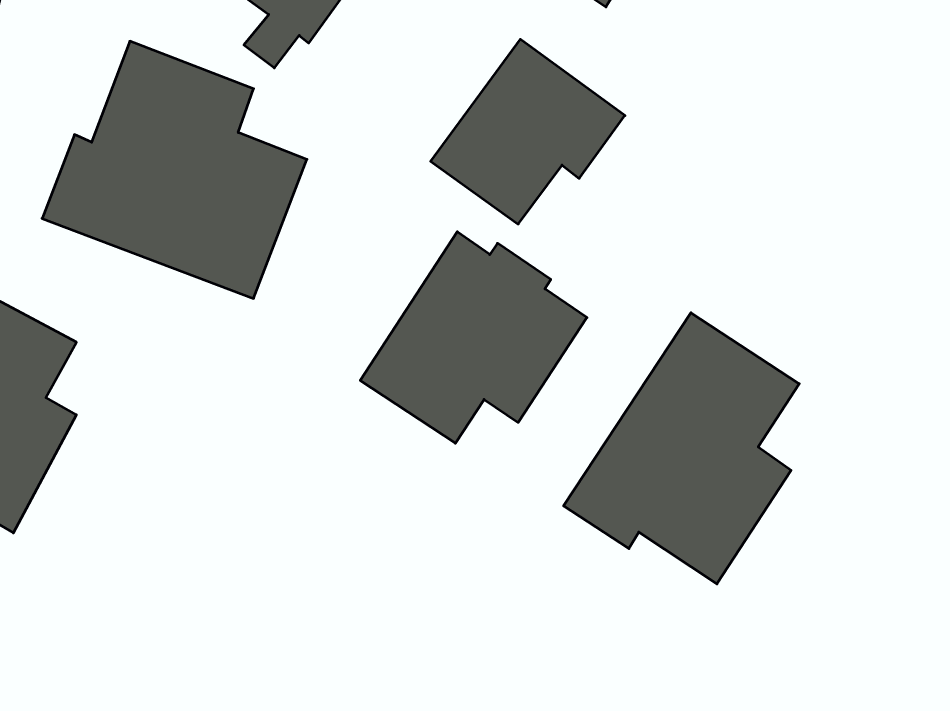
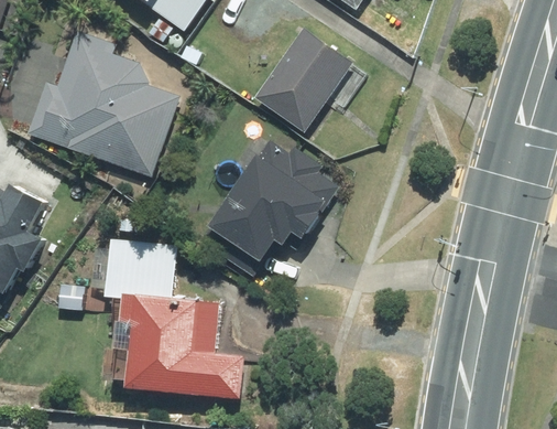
building: [564,313,799,584] -> none
building: none -> [102,239,247,398]

